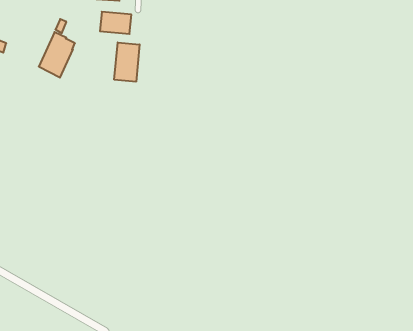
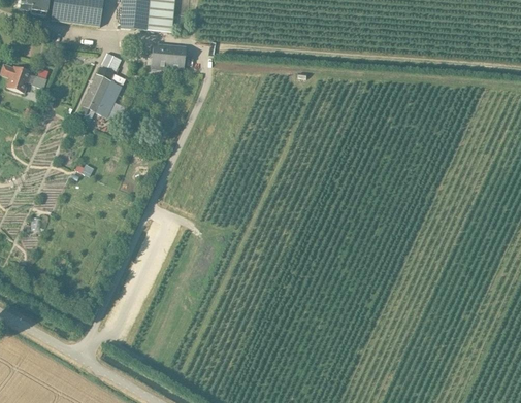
building: [114,42,140,82] -> none

